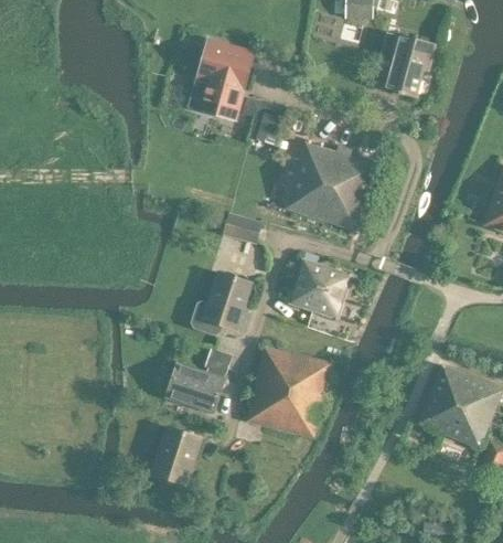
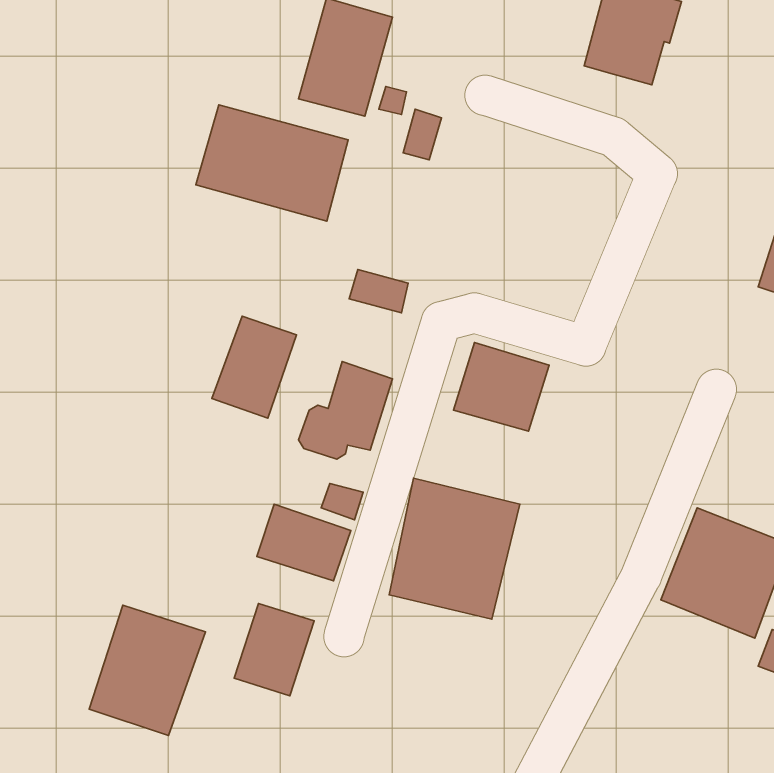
building: none -> [196,105,348,221]
building: [285,141,375,228] -> none
building: none -> [212,316,297,418]
building: none -> [89,605,205,735]

